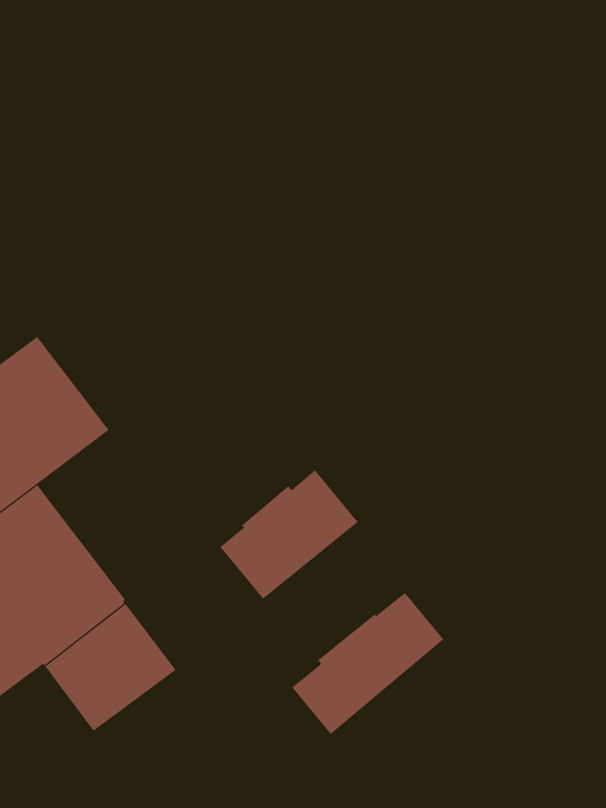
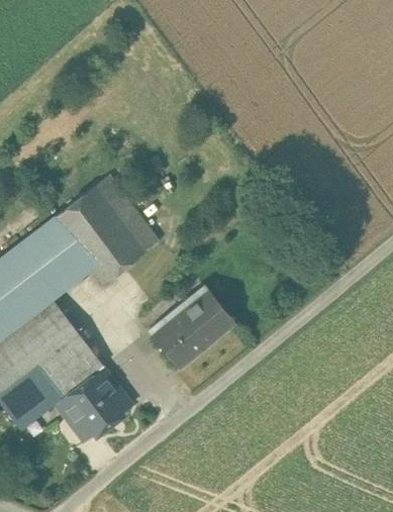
building: none -> [53,176,159,285]
building: [291,592,444,735] -> none

